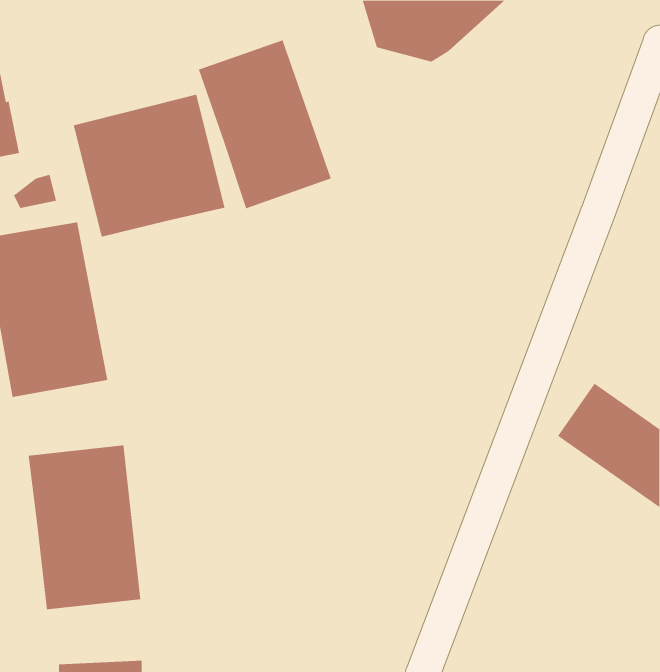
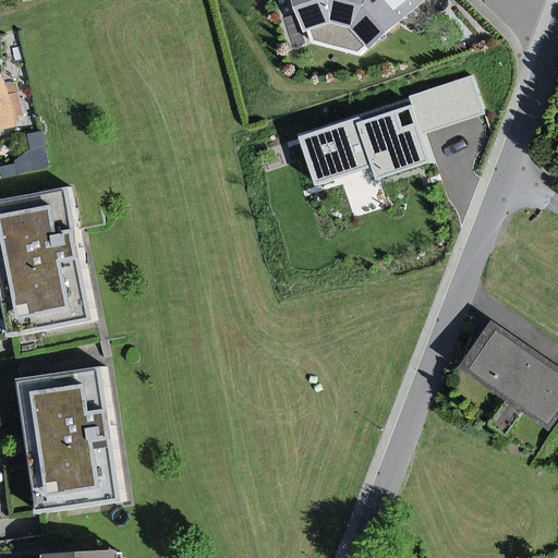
building: [198,40,331,209] -> none
building: none -> [288,77,474,187]
building: [73,94,225,238] -> none

